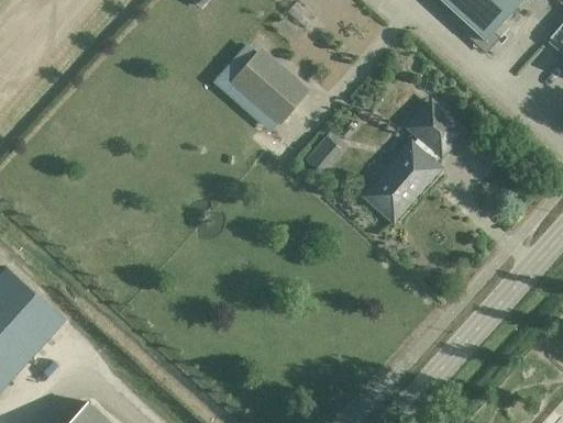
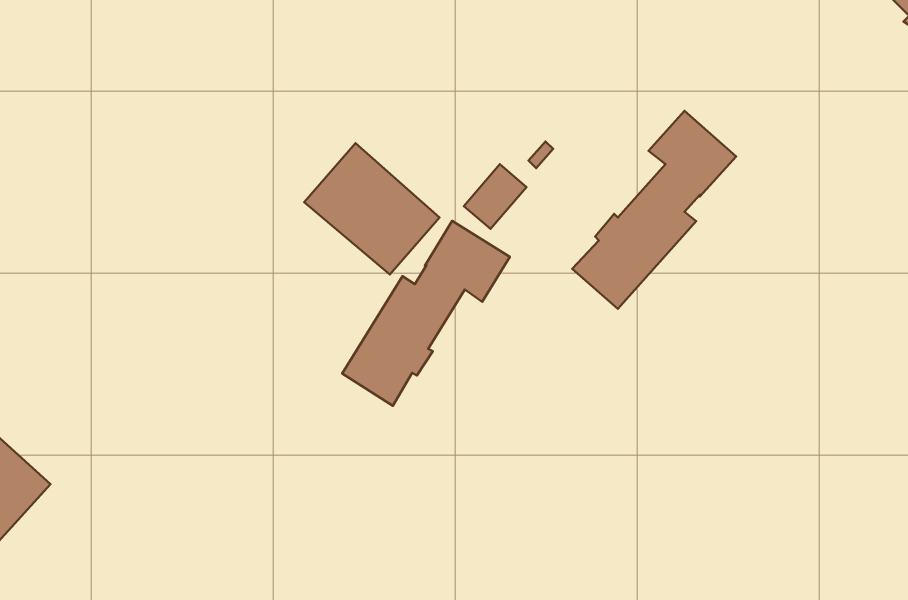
building: [232,48,310,124] -> [304,143,439,275]
building: none -> [342,221,510,406]

